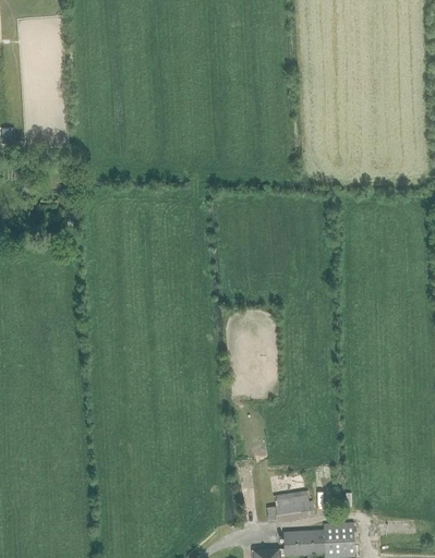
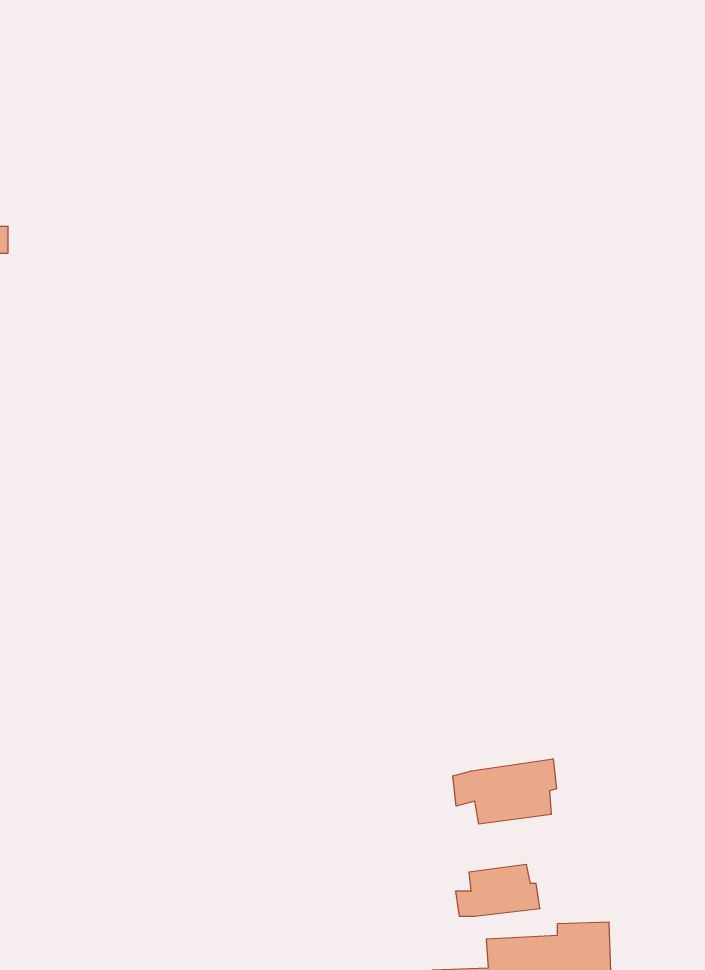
building: none -> [453,759,556,824]

